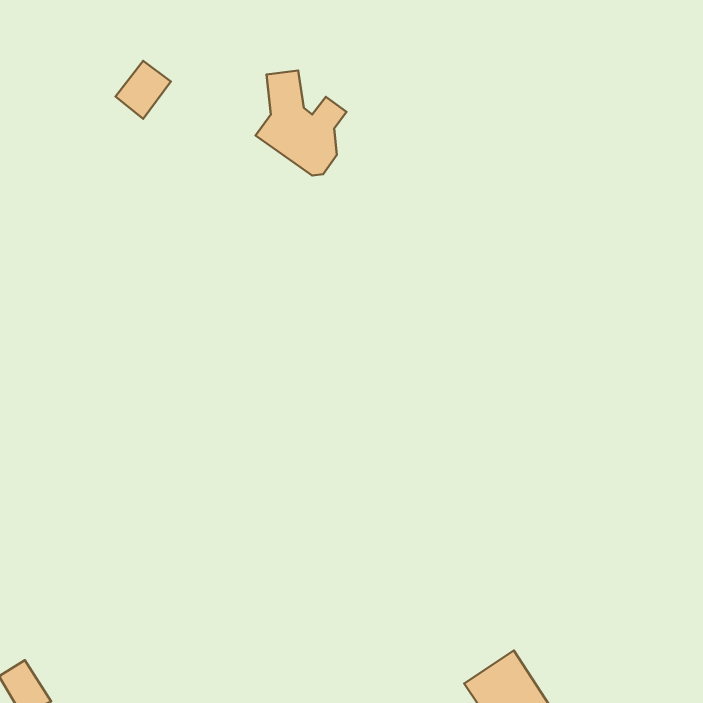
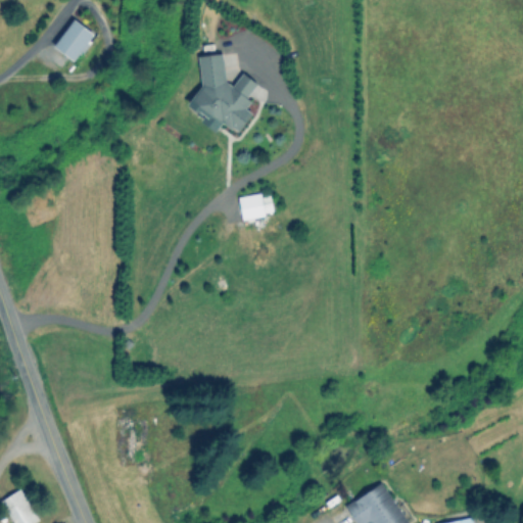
building: [116,61,171,119] -> [54,20,95,63]
building: none -> [239,194,274,221]

